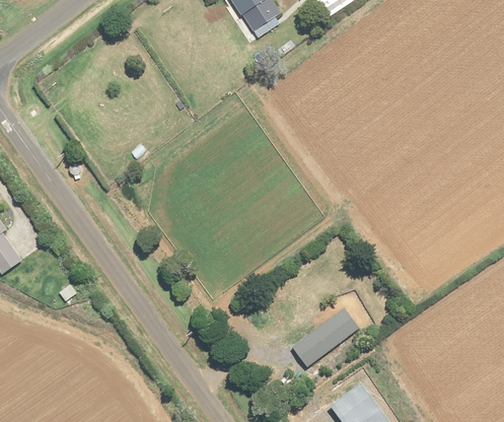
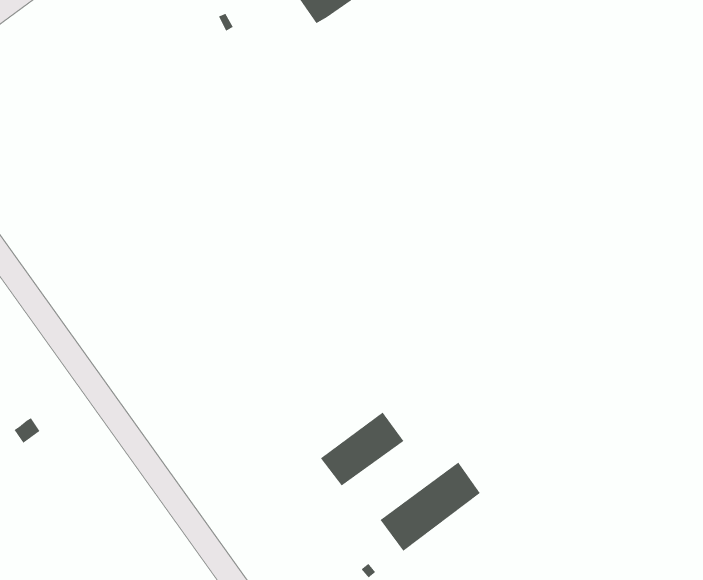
building: none -> [320,412,404,486]

